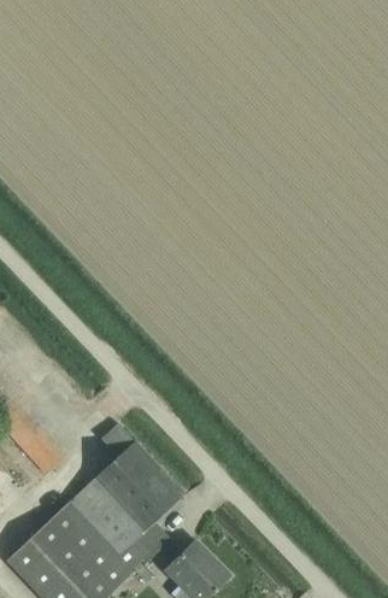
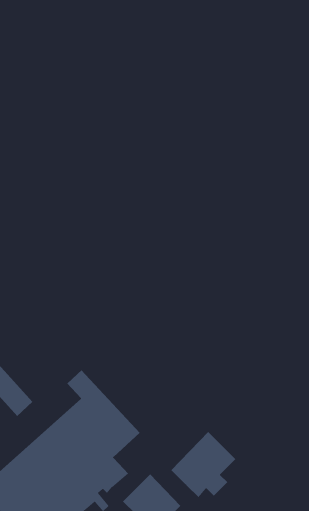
building: none -> [170,431,236,498]

